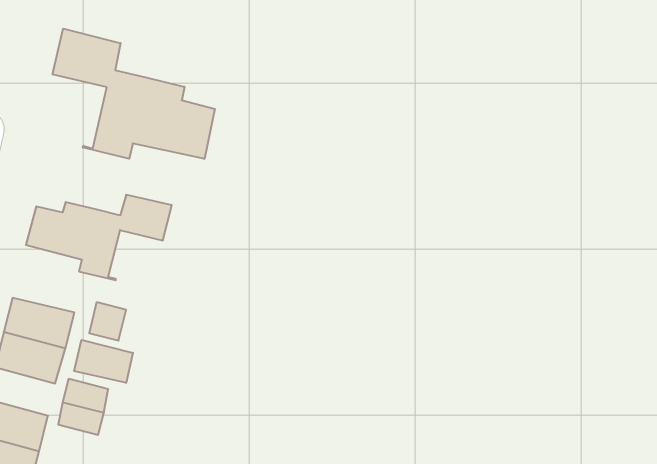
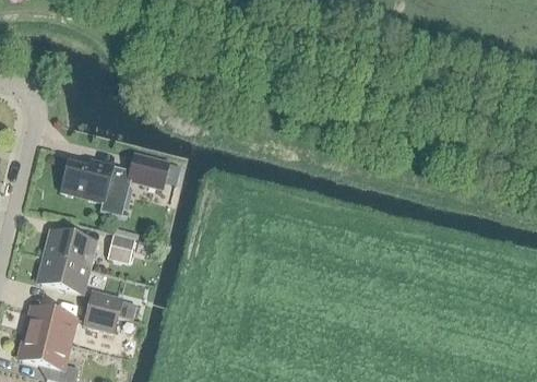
building: [53,29,215,159] -> none
building: [74,340,133,383] -> none

